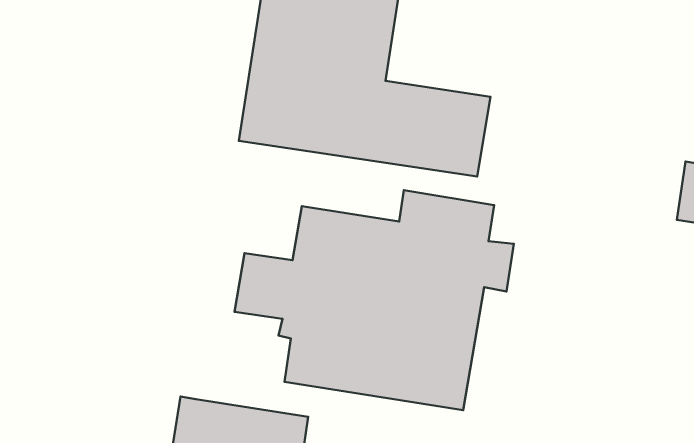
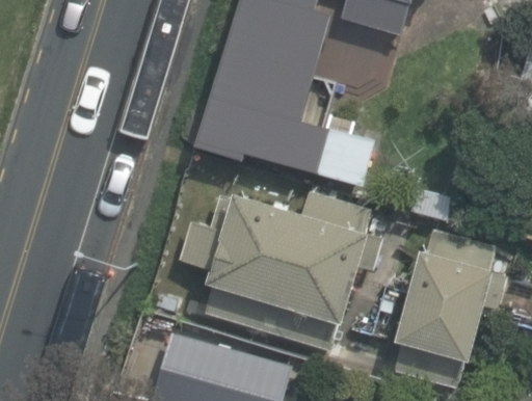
building: none -> [396,249,494,384]

